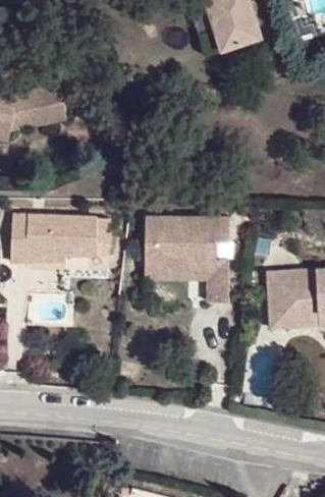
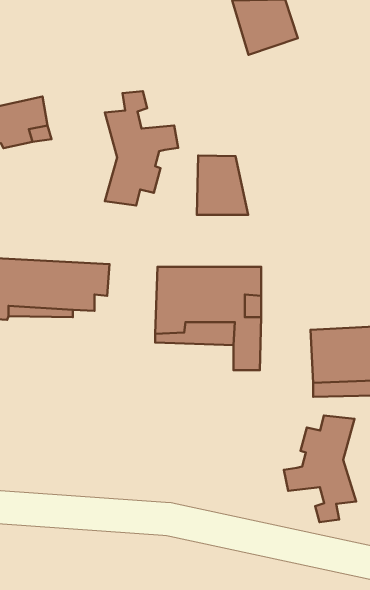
building: none -> [105,91,178,206]
building: none -> [197,155,248,215]
building: none -> [284,415,356,522]

